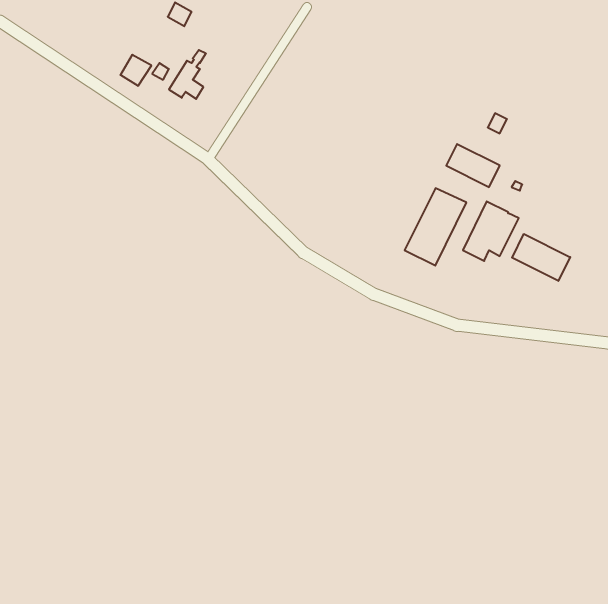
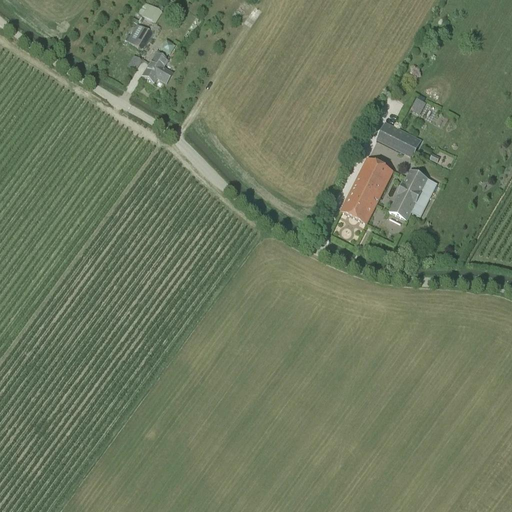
building: [120,55,151,86] -> [126,23,152,49]
building: [512,234,570,281] -> none

